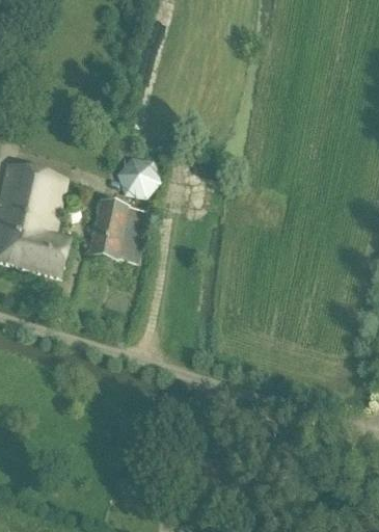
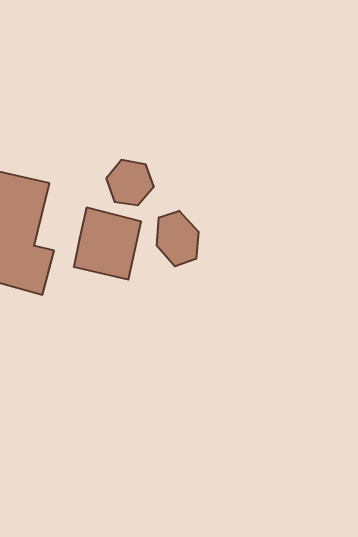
building: none -> [157,211,199,266]

